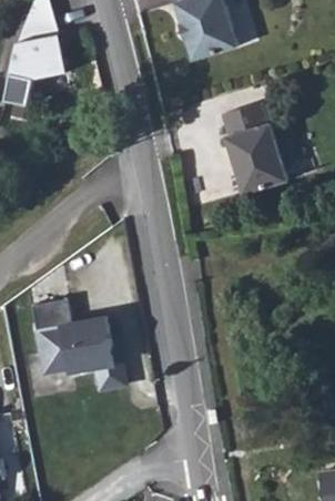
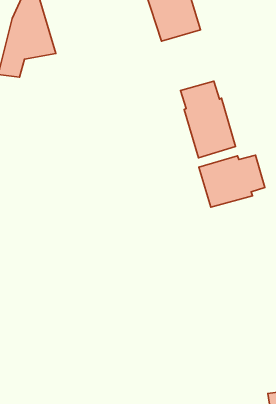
building: none -> [199,155,265,207]
building: [32,293,126,385] -> none

